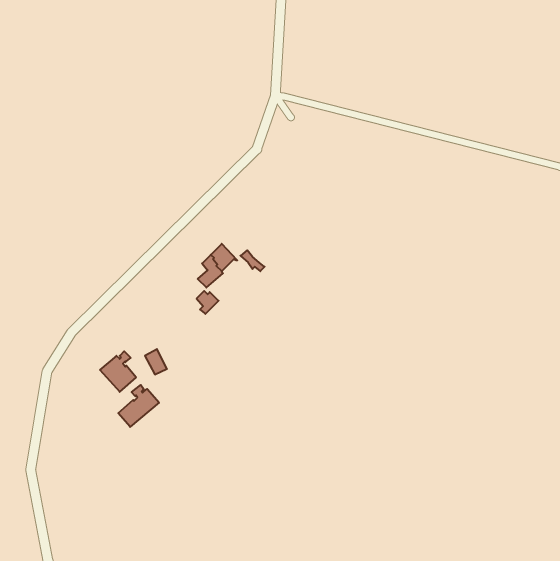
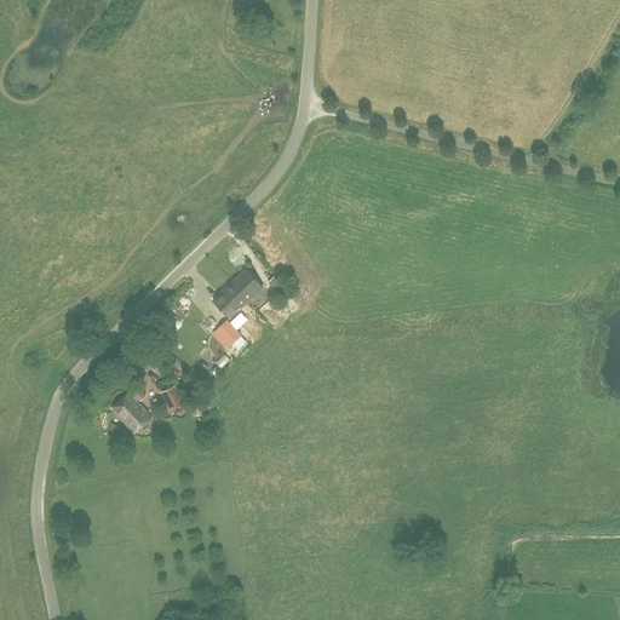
building: [118,385,159,427] -> none

